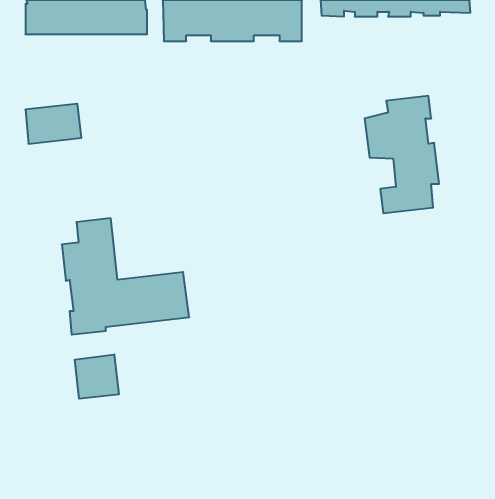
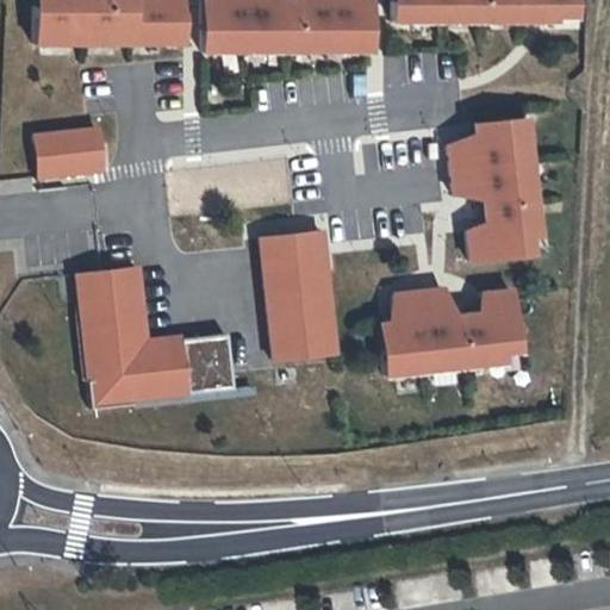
building: none -> [261,231,336,359]
building: none -> [382,288,522,375]
building: [75,354,119,399] -> none

